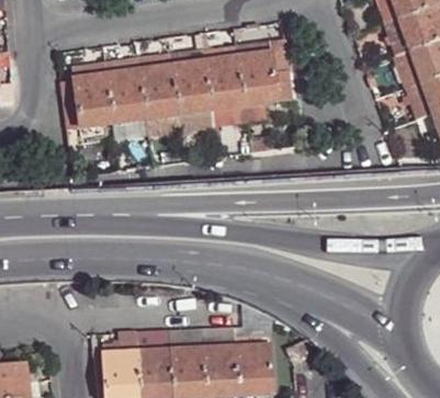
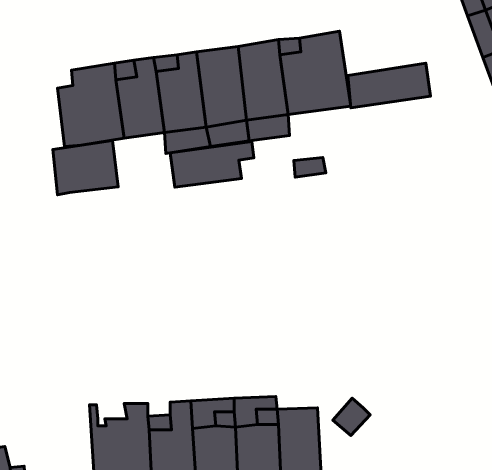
building: none -> [348,63,431,108]
building: none -> [53,140,118,195]
building: none -> [170,142,254,187]

